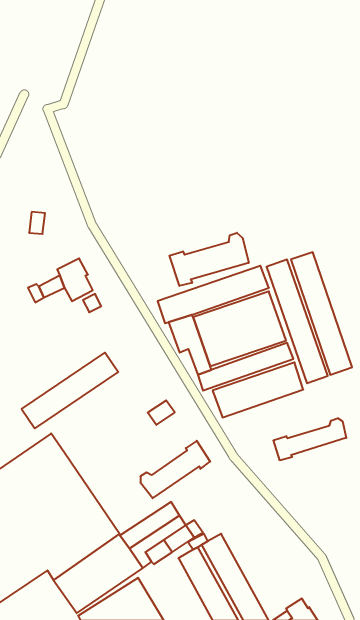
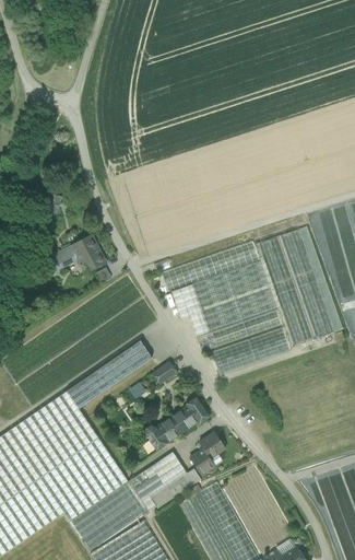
building: [169,233,249,286] -> none
building: [22,353,118,428] -> [67,340,153,408]
building: [273,418,346,460] -> none
building: none -> [190,432,226,470]

